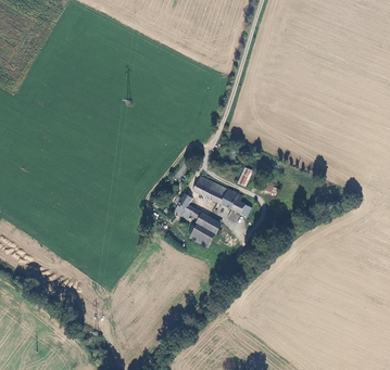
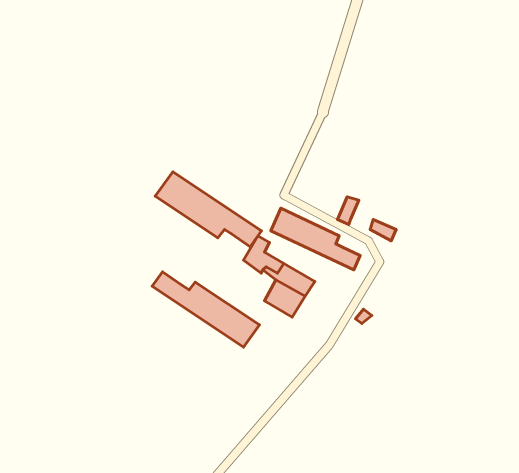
building: none -> [155,172,261,247]
building: none -> [152,272,259,347]

